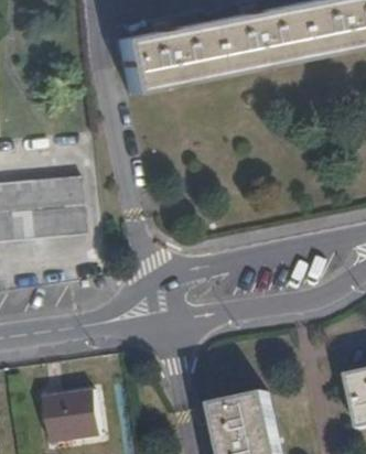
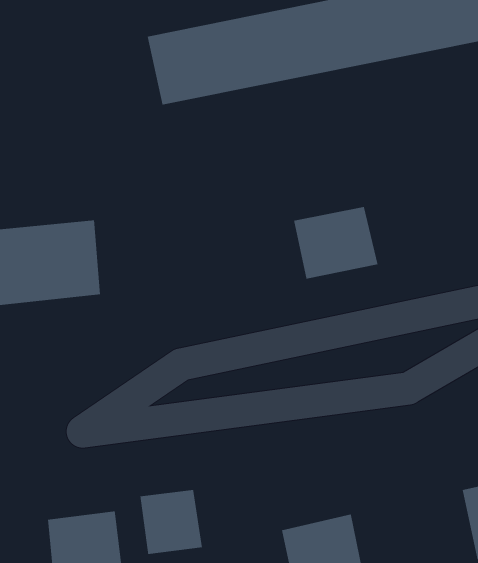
building: none -> [294,206,378,280]
building: none -> [140,489,203,555]

